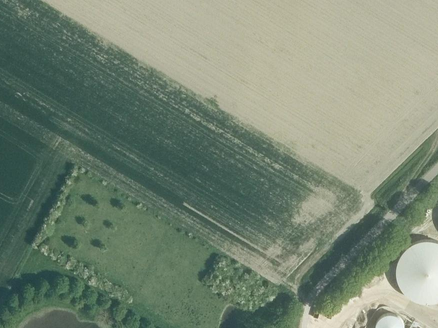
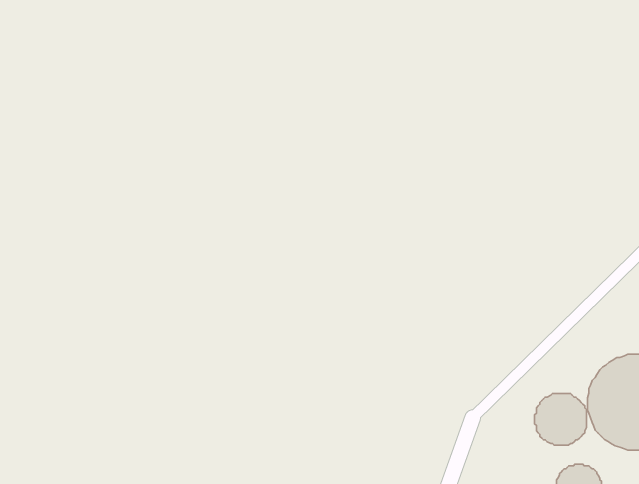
building: none -> [535,393,587,445]

